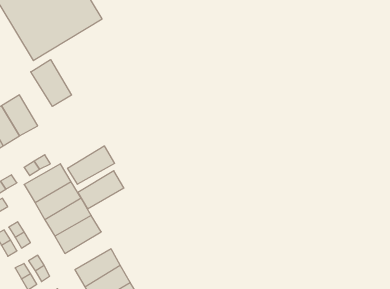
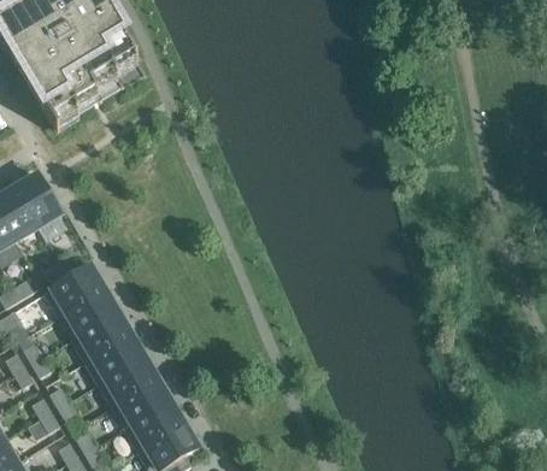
building: [31,60,72,106] -> none
building: [68,146,115,184] -> none
building: [78,171,124,209] -> [96,352,158,402]

